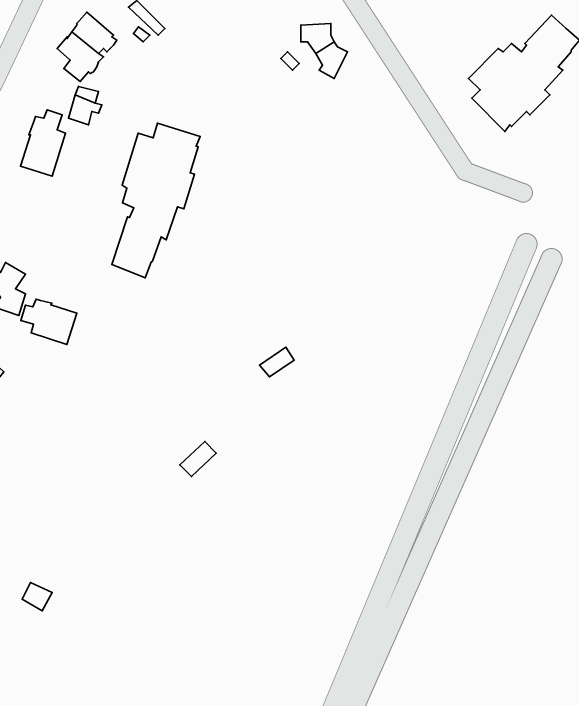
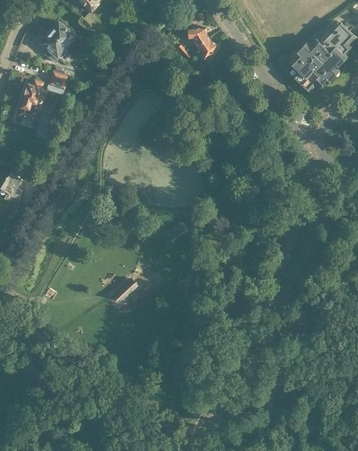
building: [112,123,200,278] -> none
building: [21,299,77,345] -> none

